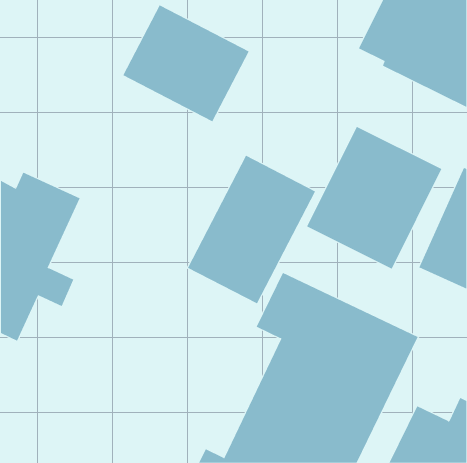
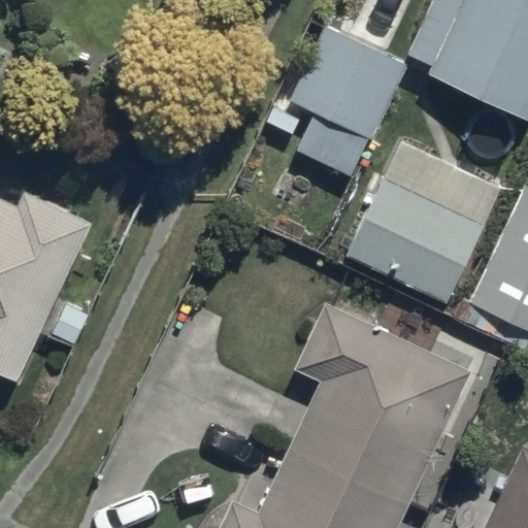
building: [123,5,249,122] -> none
building: none -> [264,27,407,178]
building: [187,155,316,304] -> none

